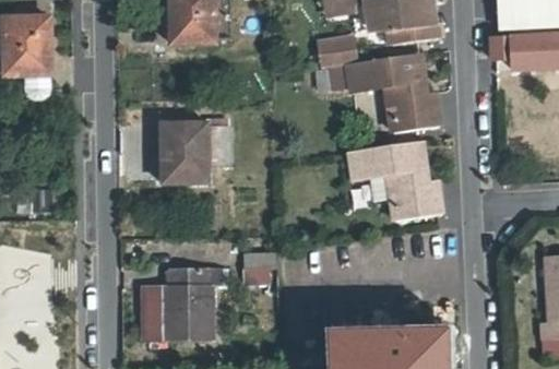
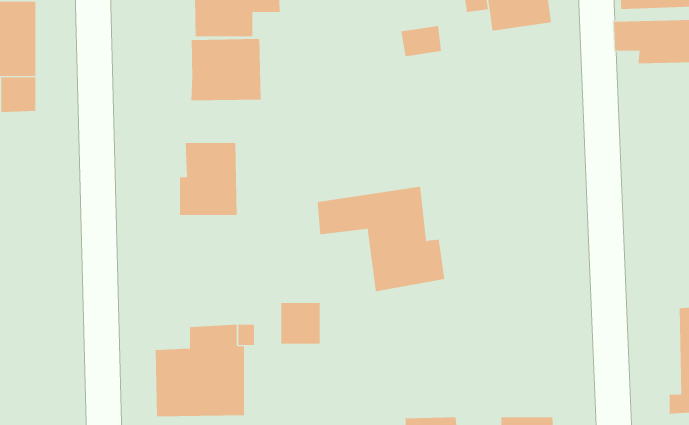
building: none -> [191,38,261,101]
building: [317,51,445,130] -> none
building: [349,138,448,218] -> [317,186,445,292]

